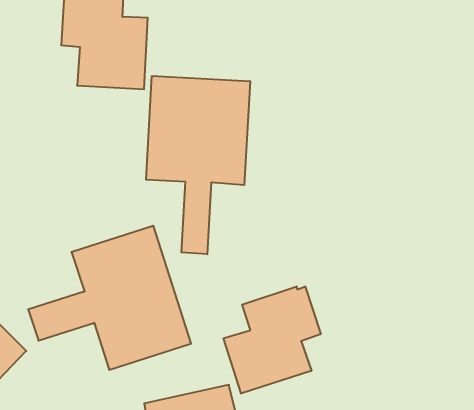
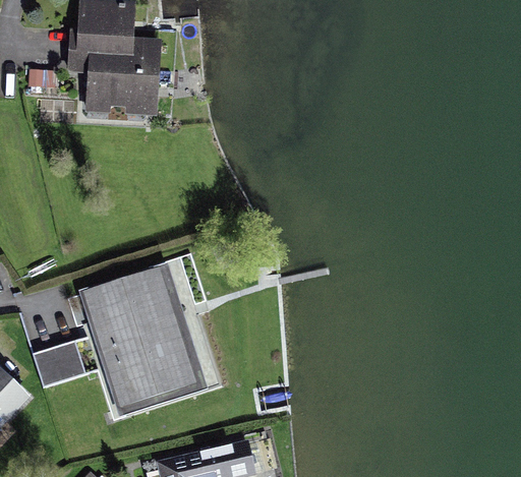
building: [146,76,250,254] -> none
building: [224,286,321,394] -> none

